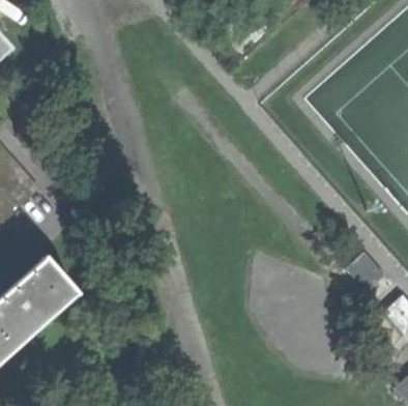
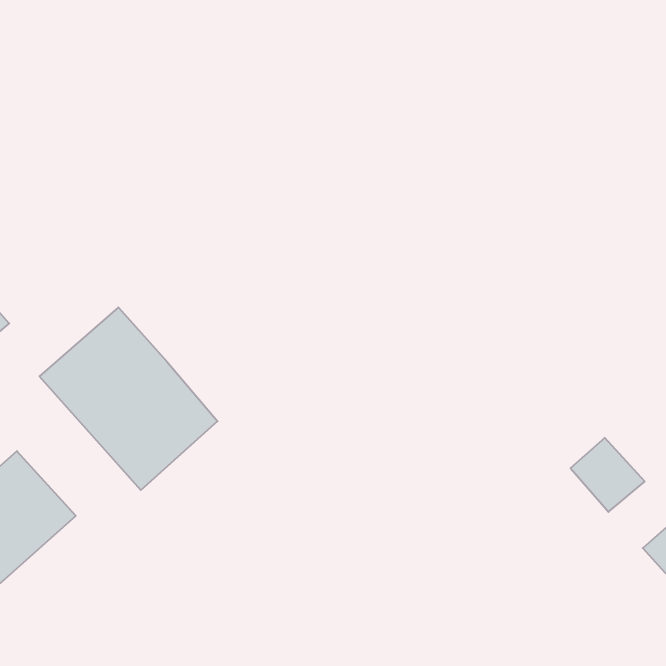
building: none -> [40,307,218,490]

